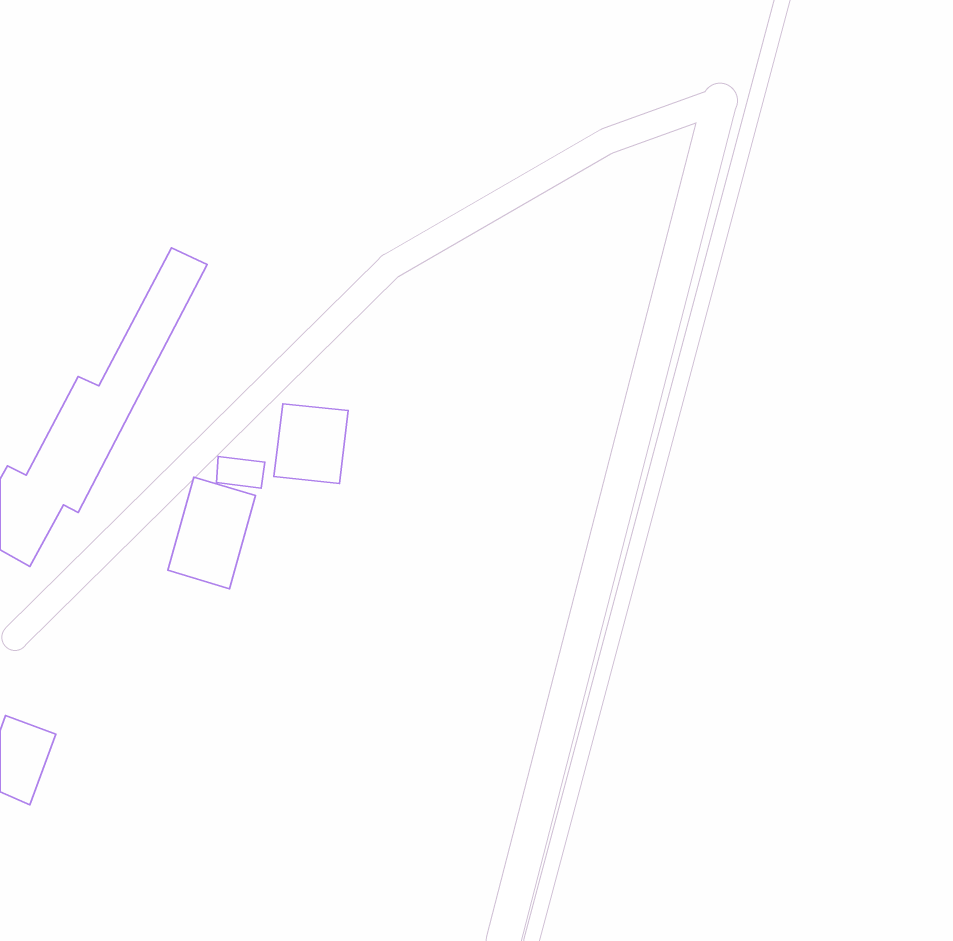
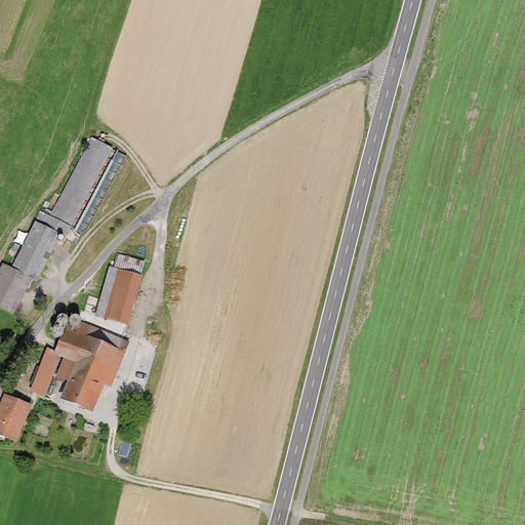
building: [274,404,348,483] -> none
building: none -> [29,315,128,414]

